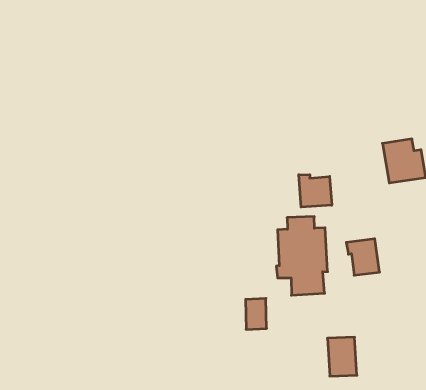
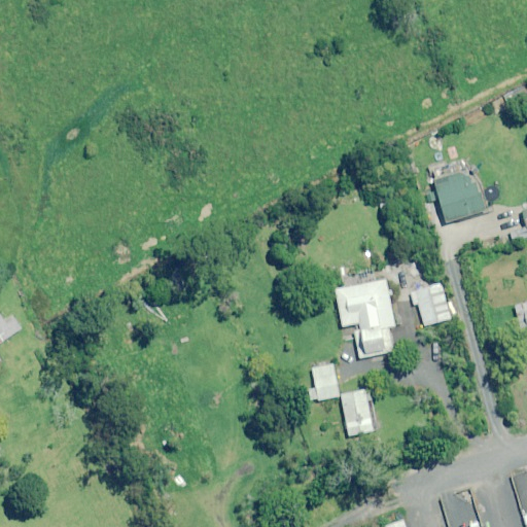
building: [299,175,332,207] -> none
building: [327,337,357,376] -> [340,389,377,434]

